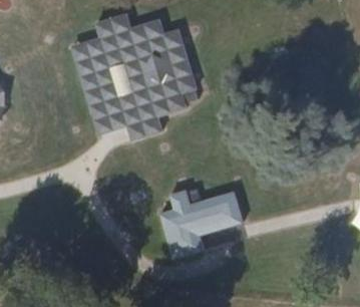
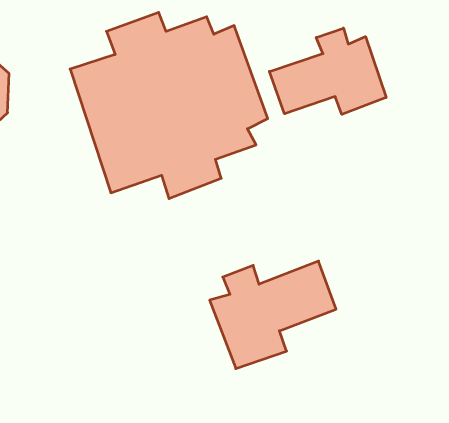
building: none -> [269,28,386,114]

